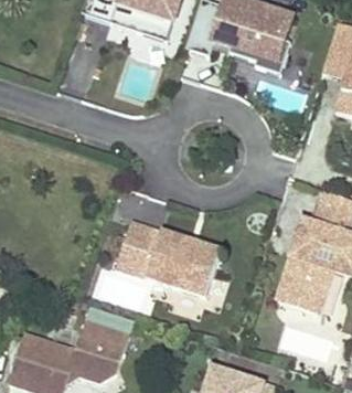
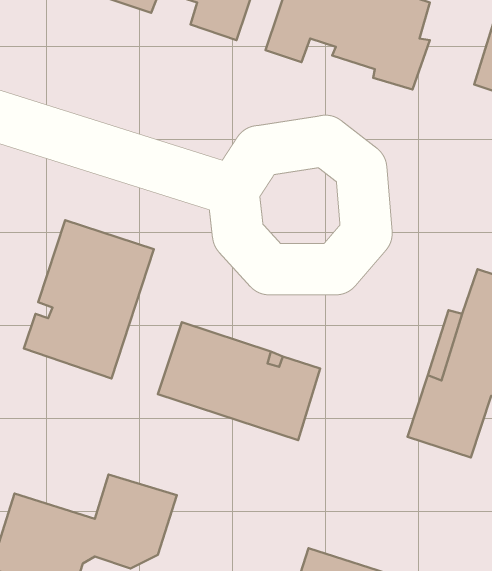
building: none -> [24,220,154,379]

